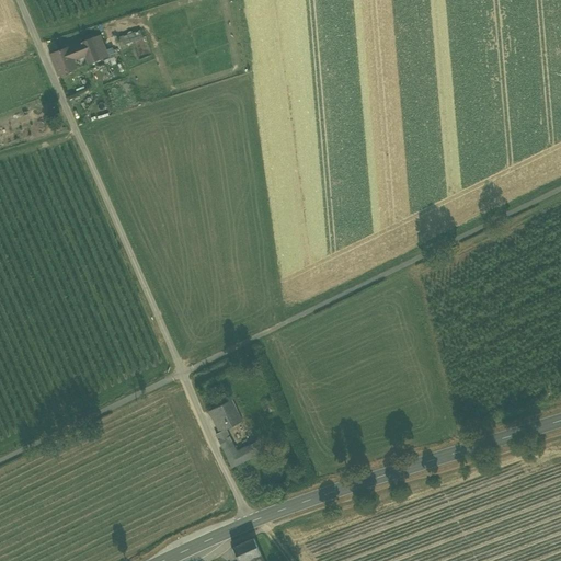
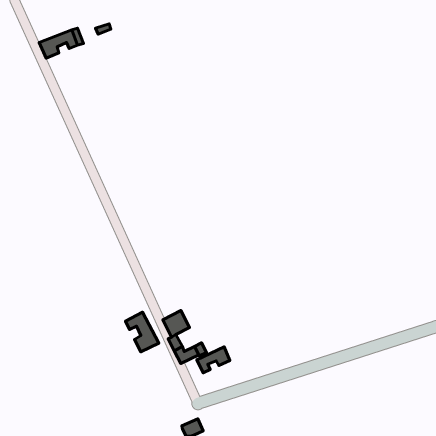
building: none -> [125,312,159,352]
building: none -> [197,347,230,373]

